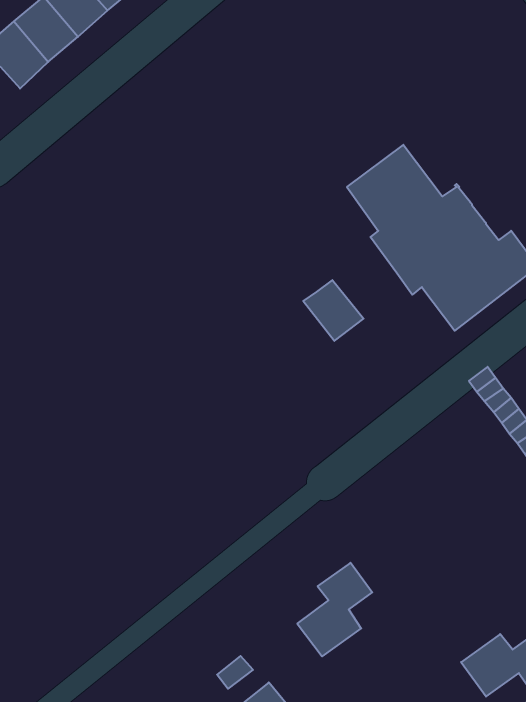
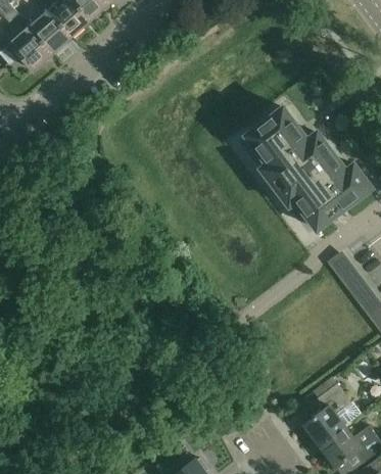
building: [303,280,364,341] -> none
building: [297,563,372,656] -> [304,384,353,445]

